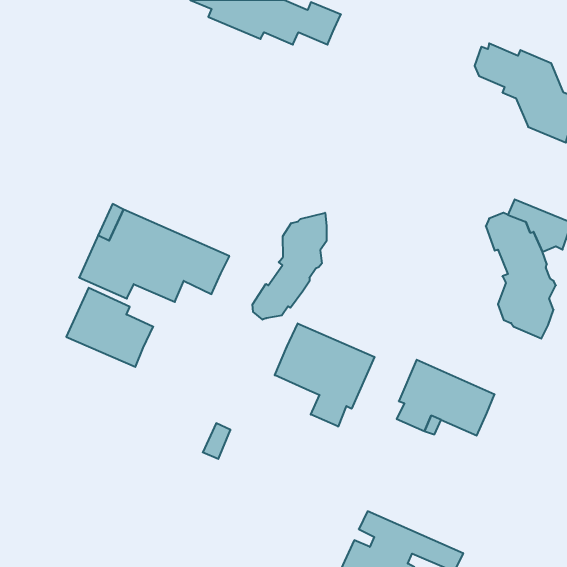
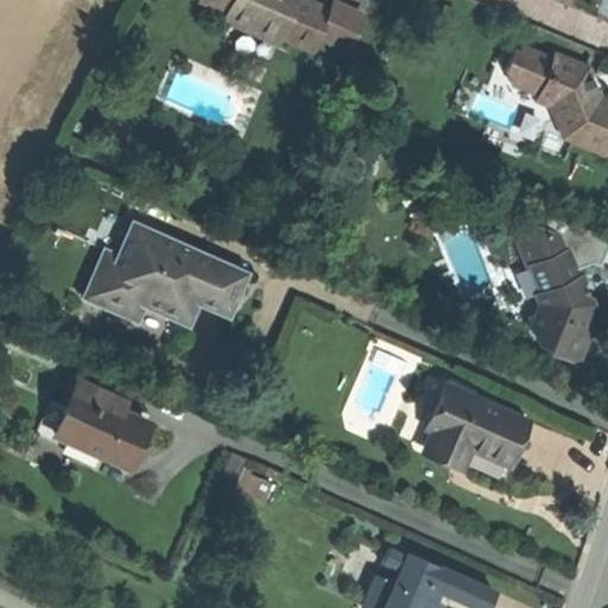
building: [253,213,327,320] -> none
building: [66,288,153,367] -> [56,384,148,468]
building: [275,323,375,427] -> none

